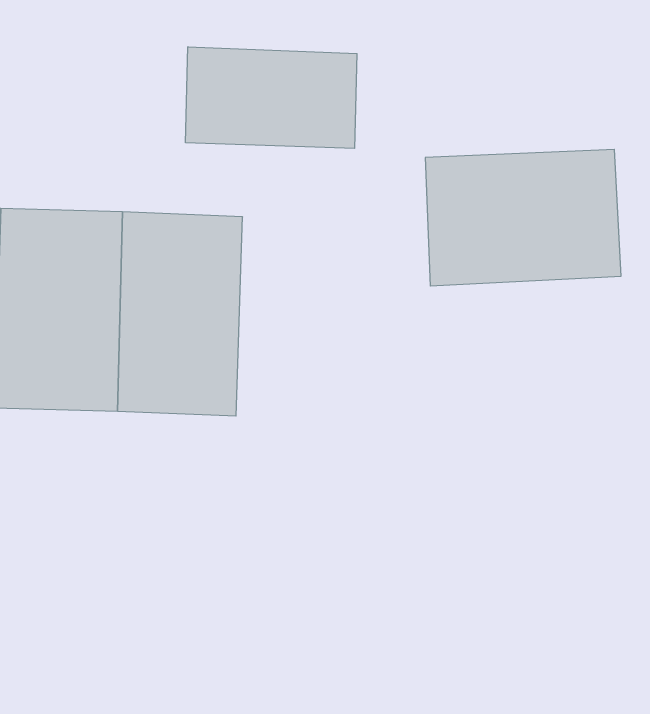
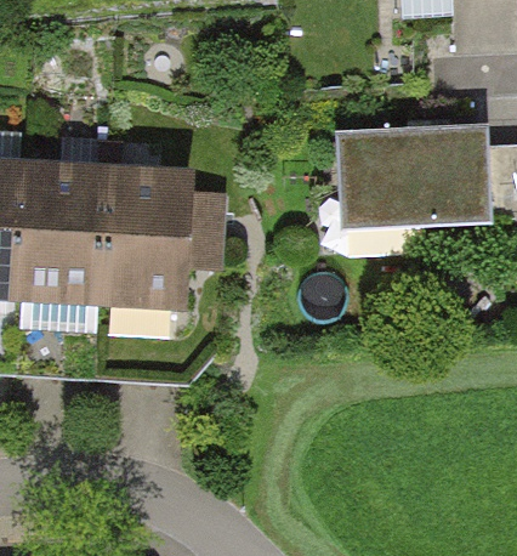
building: [186,47,357,148] -> none

